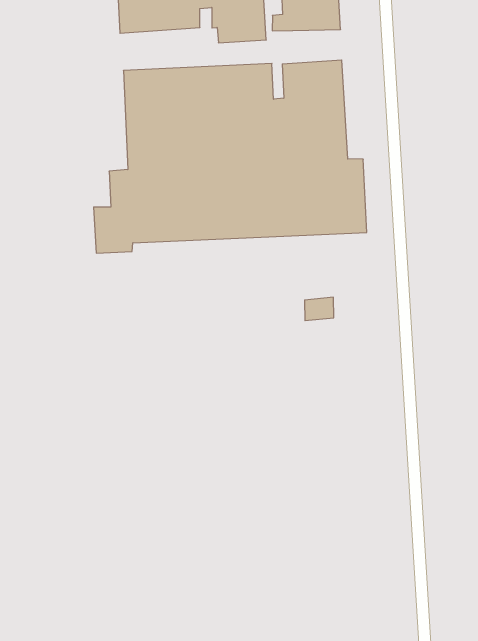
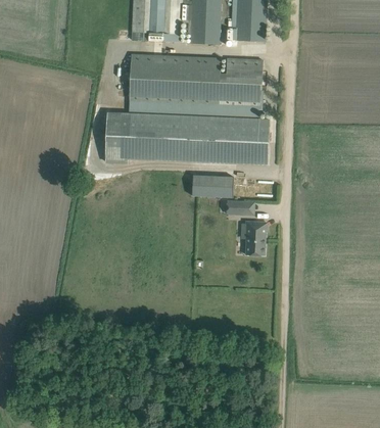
building: none -> [190,174,232,195]
building: none -> [240,220,265,254]

